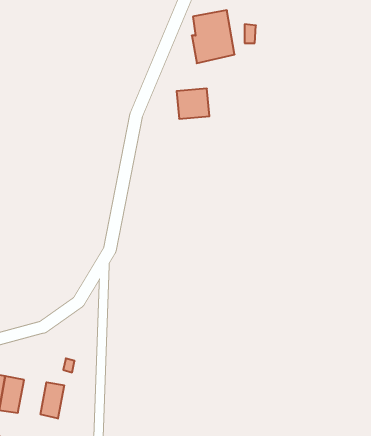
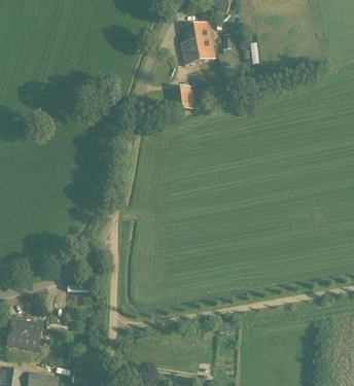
building: [41,382,64,419] -> none

